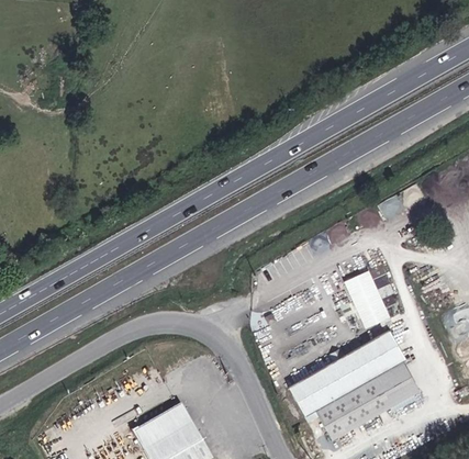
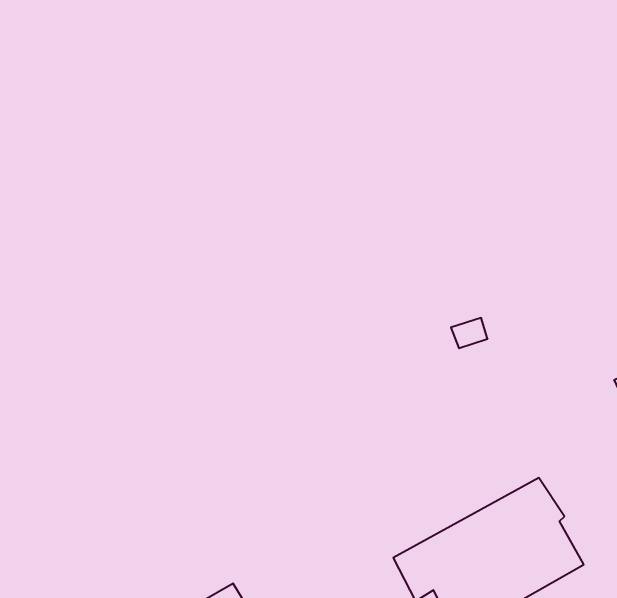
building: [343,273,389,331] -> none

